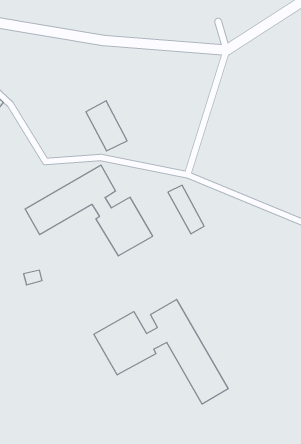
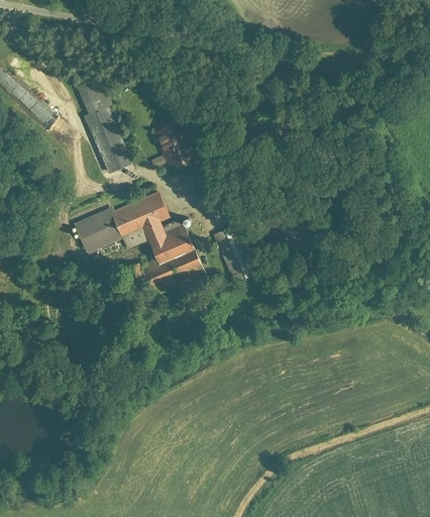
building: none -> [73,81,129,174]
building: [94,299,228,404] -> none

